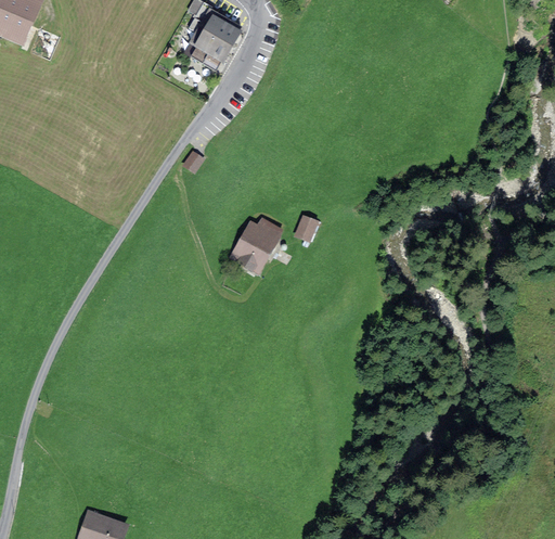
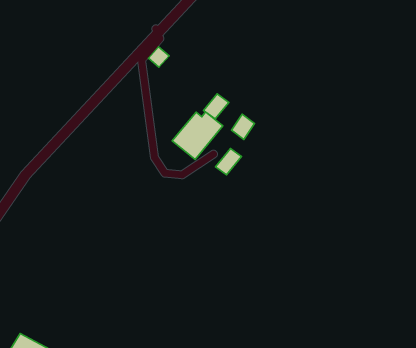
building: none -> [204,94,229,119]
building: none -> [215,149,242,175]

